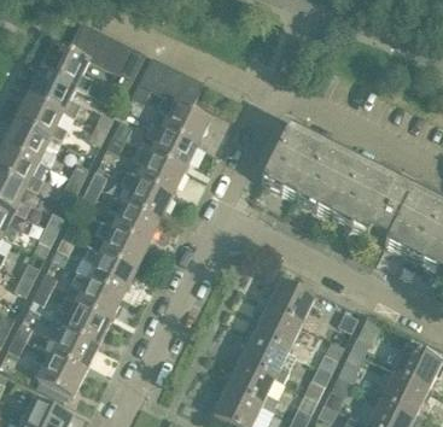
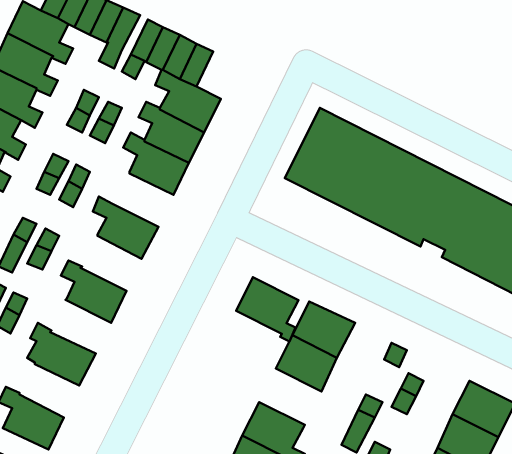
building: [115,168,173,220] -> none
building: [95,221,147,270] -> none
building: [71,271,123,320] -> none
building: [46,321,98,370] -> none
building: [240,332,290,382] -> [236,277,299,341]

